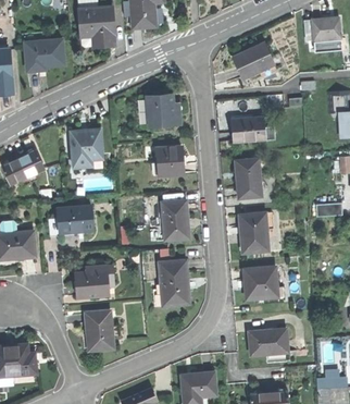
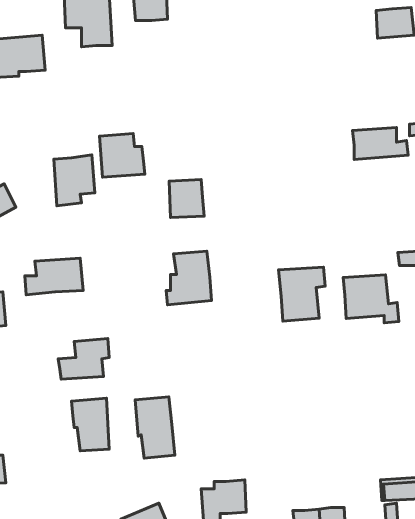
building: [234,44,277,78] -> none
building: [147,94,180,126] -> [100,133,145,177]
building: [233,118,274,142] -> [353,128,408,160]
building: [236,159,263,197] -> none
building: [160,260,189,306] -> [135,397,175,458]
building: [243,267,285,303] -> [343,275,399,323]
building: [249,329,286,355] -> none

